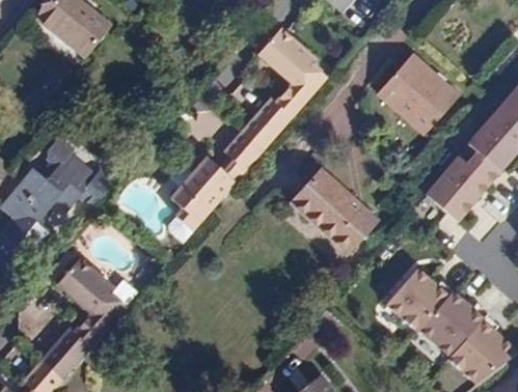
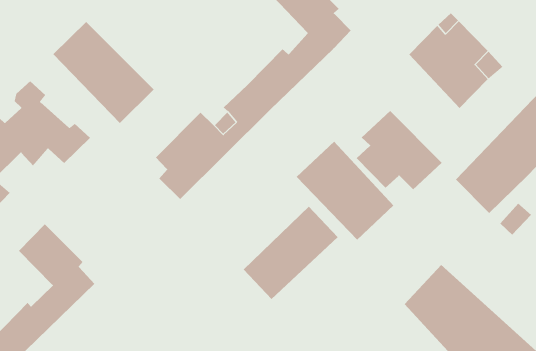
building: none -> [52,21,155,124]
building: none -> [356,110,443,190]
building: none -> [243,206,339,300]

